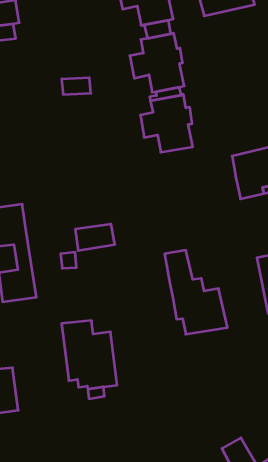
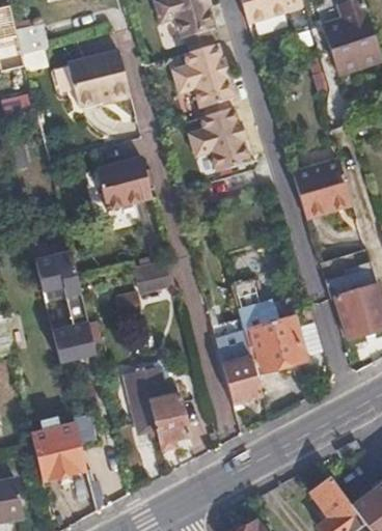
building: none -> [65,50,129,105]
building: none -> [96,157,151,211]
building: none -> [216,333,261,404]

